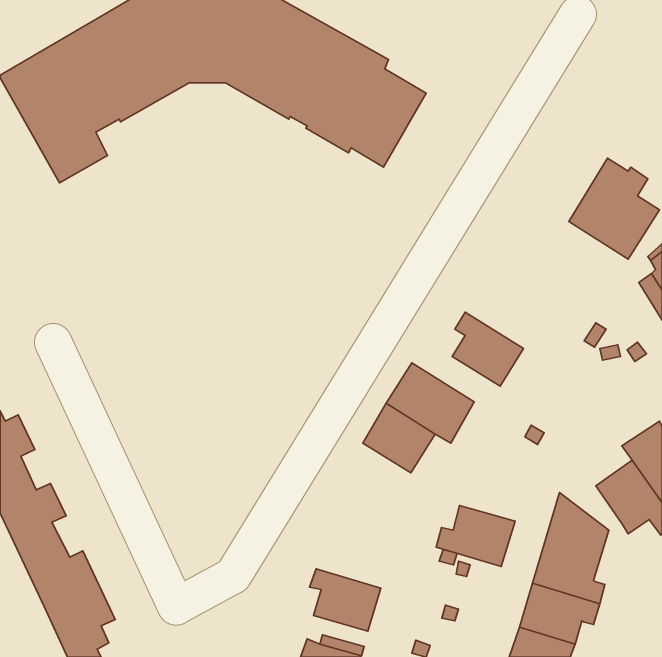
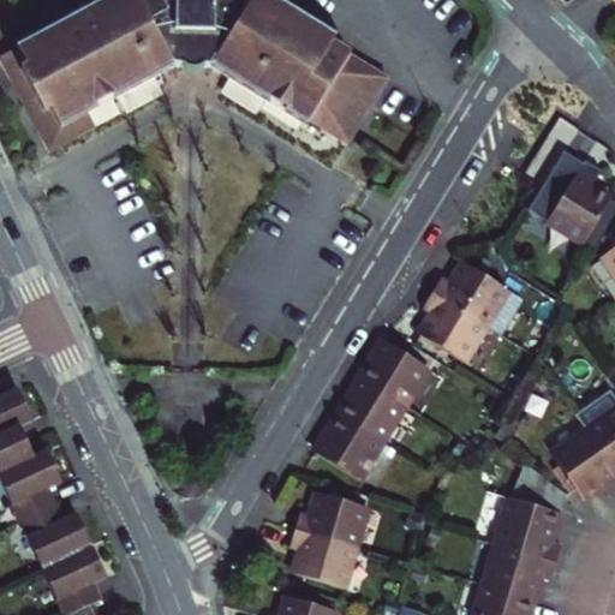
building: none -> [431,259,519,329]
building: none -> [314,411,381,476]
building: [436,506,515,566] -> [293,489,366,545]

